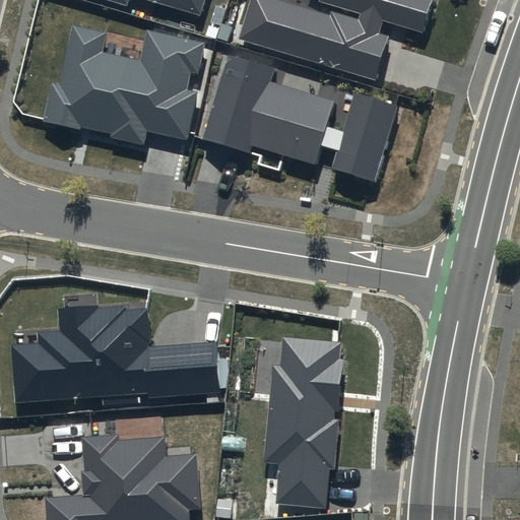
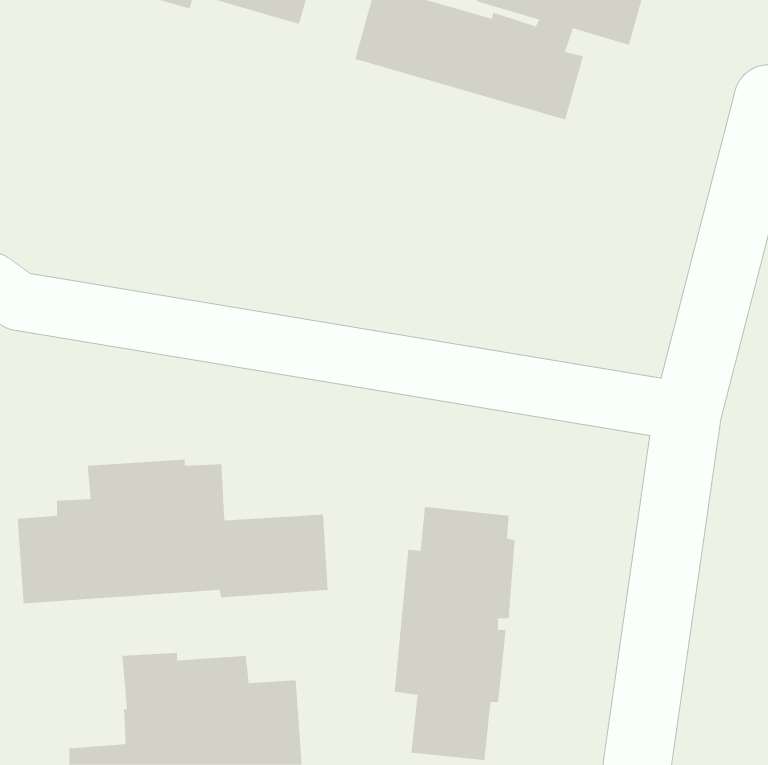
building: [42,23,205,146] -> none
building: [201,55,395,182] -> none

